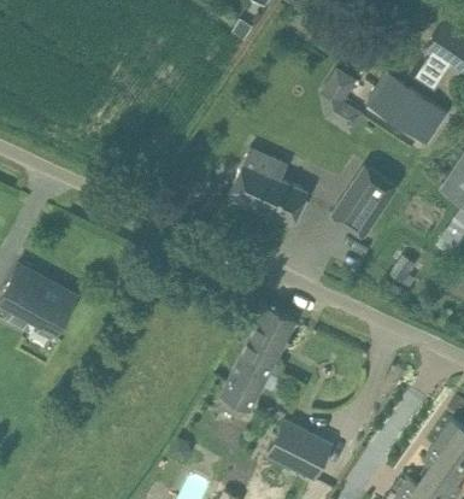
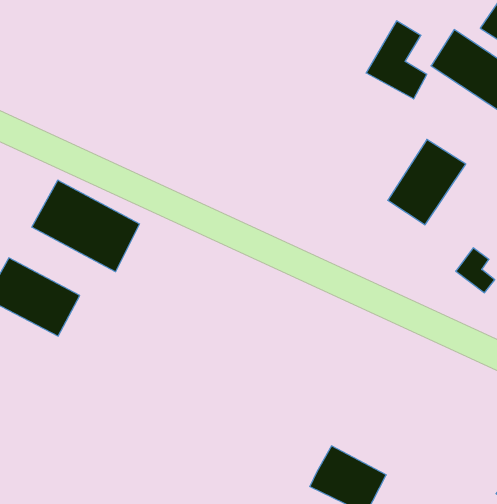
building: [227,148,307,225] -> none
building: none -> [32,180,139,272]
building: [218,307,294,416] -> none

